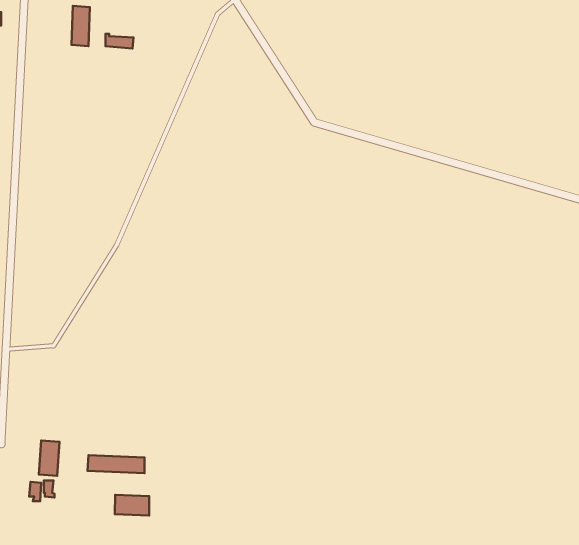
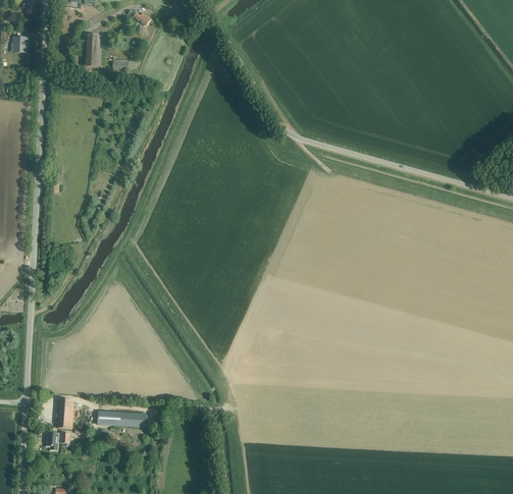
building: [115,495,149,516] -> none

